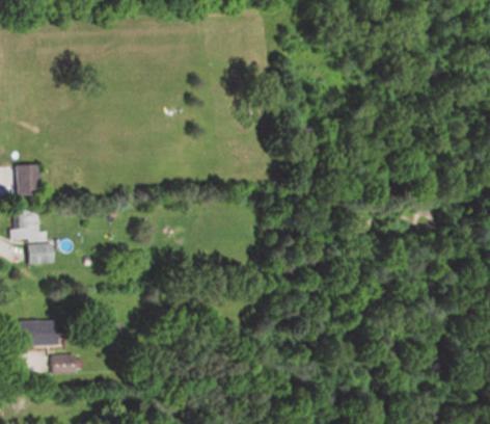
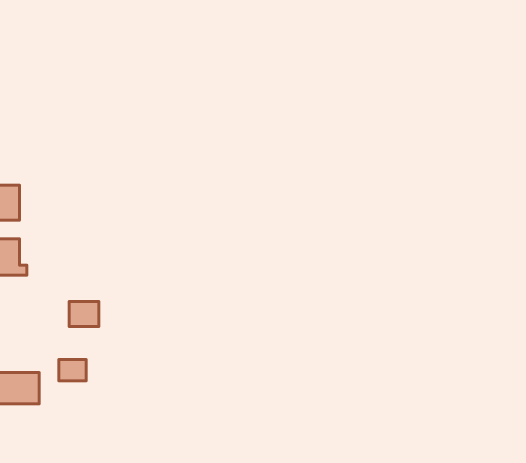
building: [28,242,53,263] -> [69,301,99,326]
building: [53,355,76,373] -> [59,360,86,381]

